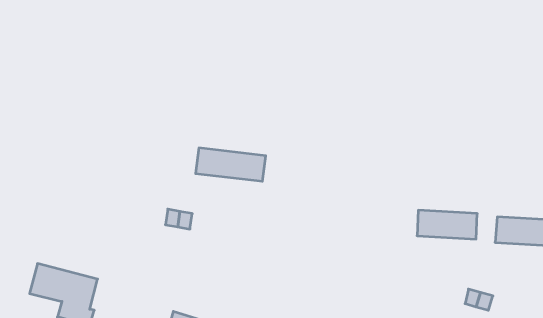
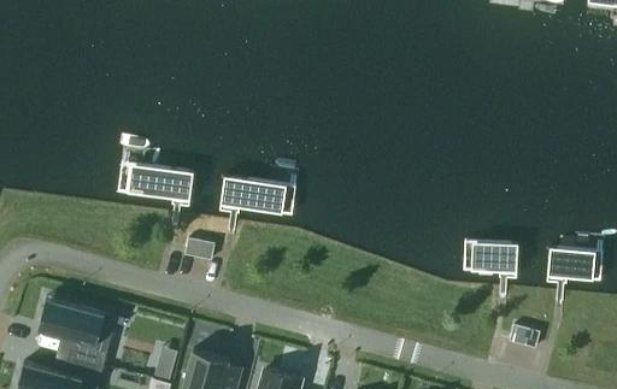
building: none -> [124,161,200,199]

